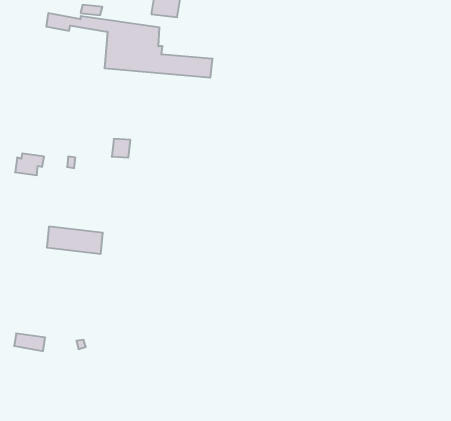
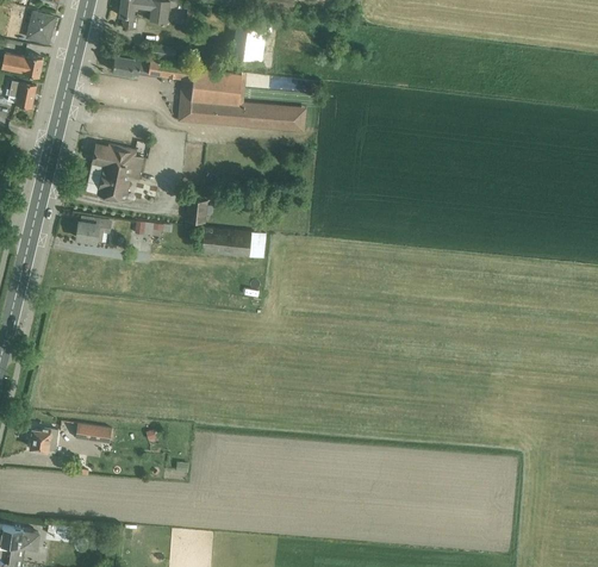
building: none -> [92,144,144,199]
building: [47,227,103,254] -> [201,229,266,260]

